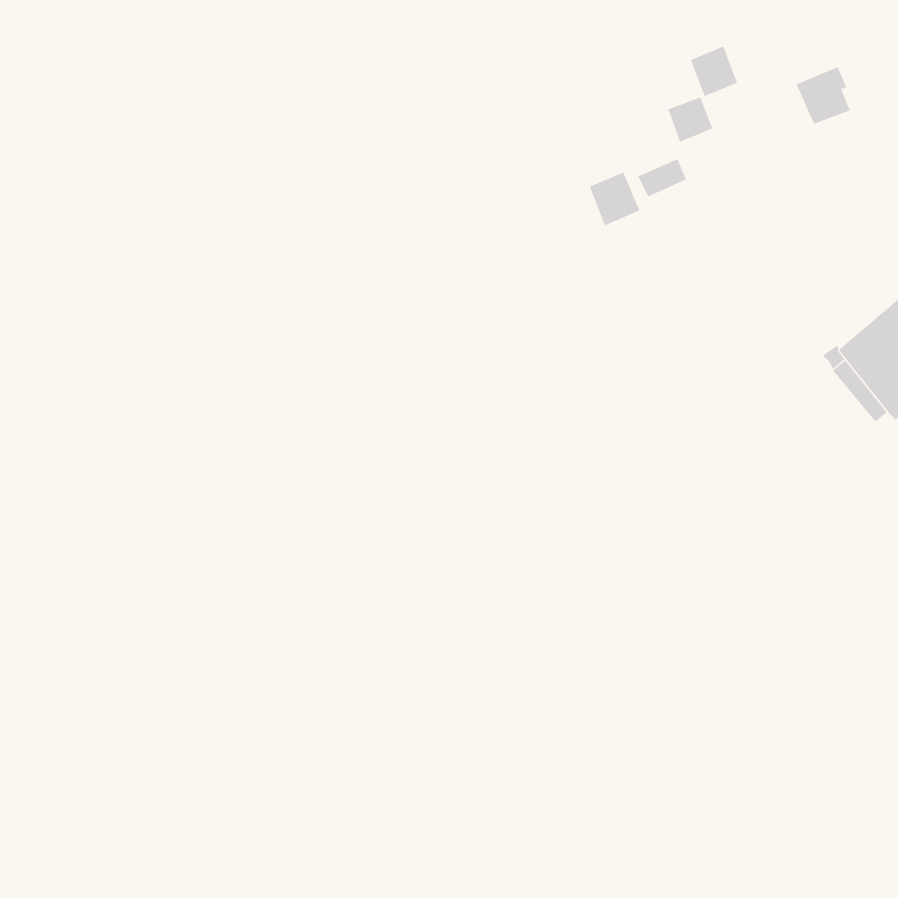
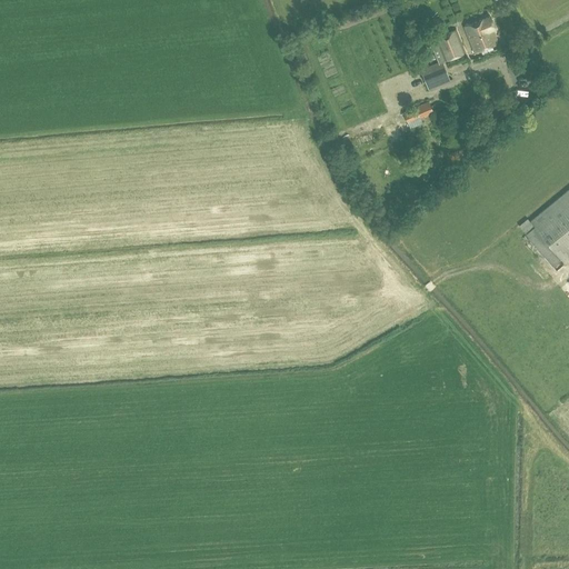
building: [796,66,851,125] -> [465,17,499,53]
building: [589,172,640,226] -> none

